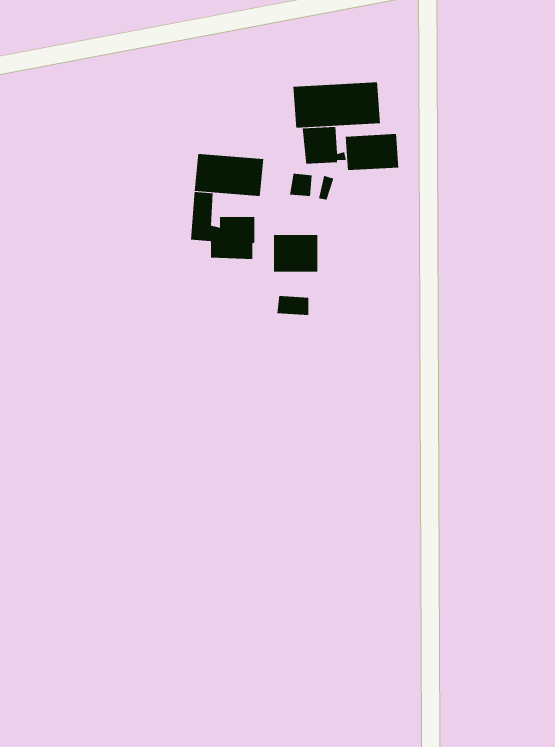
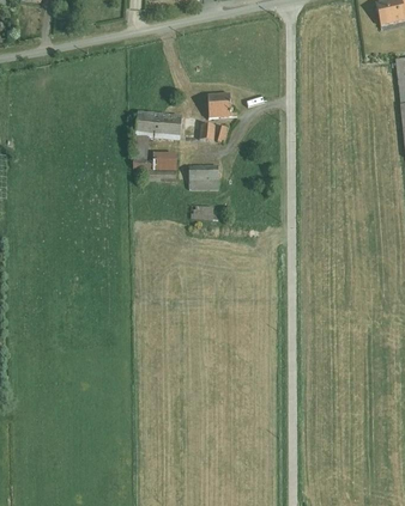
building: [293,81,380,129] -> none
building: [345,133,399,171] -> none

